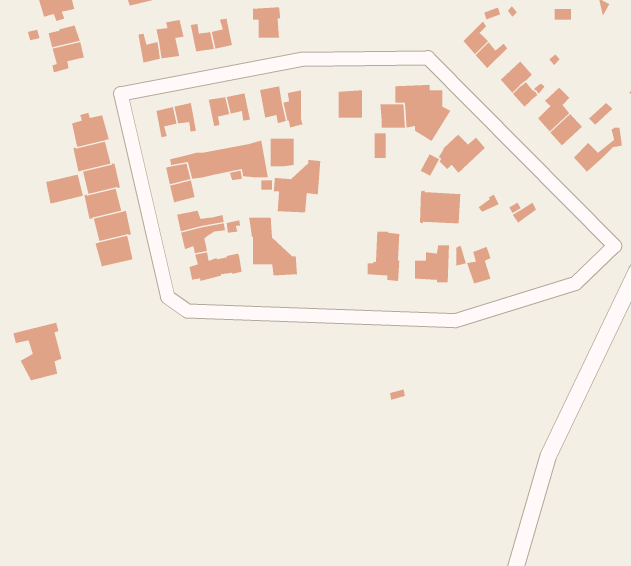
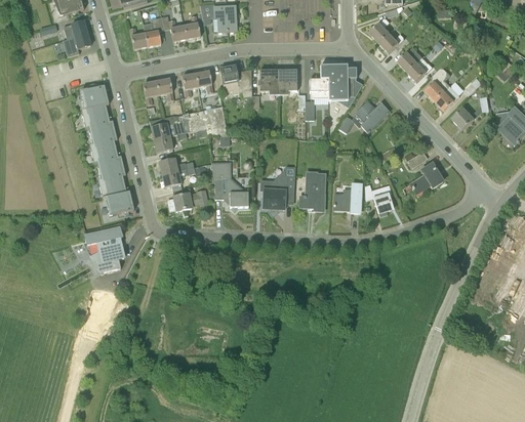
building: [270,138,295,167] -> [259,70,278,91]
building: [273,159,321,213] -> [259,166,295,206]
building: [45,174,84,204] -> none
building: [419,190,461,224] -> none
building: none -> [410,163,442,192]
building: none -> [105,193,133,220]
building: [13,322,62,381] -> [85,228,122,272]

